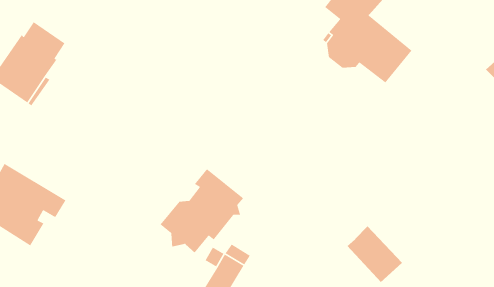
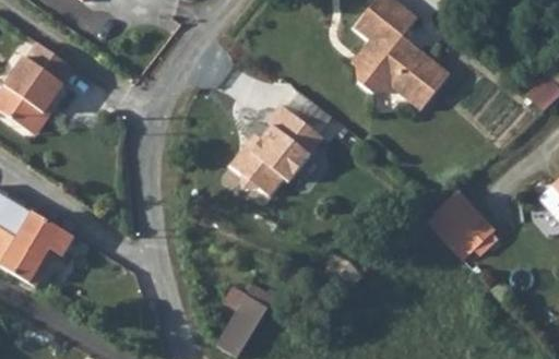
building: [160,168,244,254] -> [228,104,320,196]
building: [347,226,403,283] -> [433,190,495,252]

